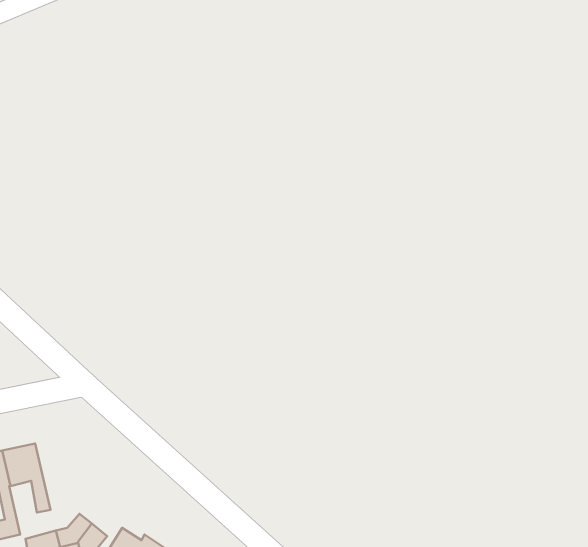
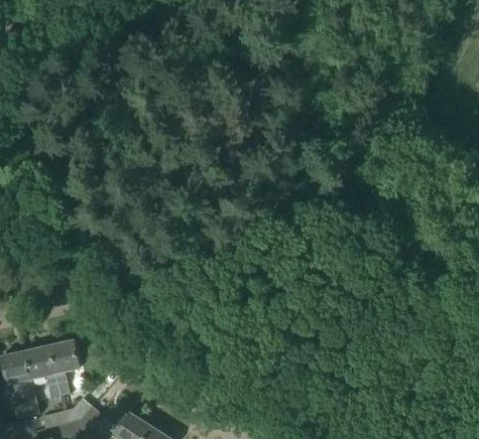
building: none -> [49,342,79,396]

